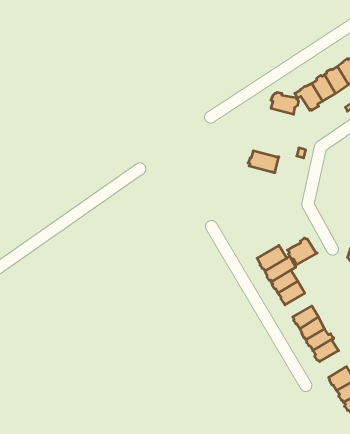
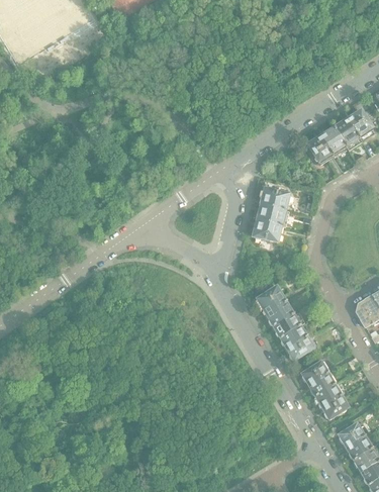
building: [271,92,299,114] -> [261,188,289,210]
building: none -> [252,219,280,241]
building: [287,238,317,265] -> [256,286,286,313]

